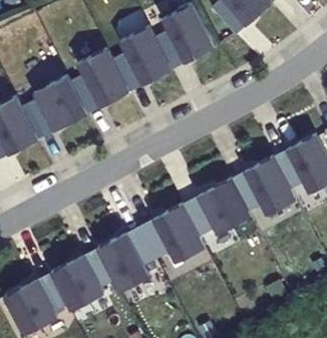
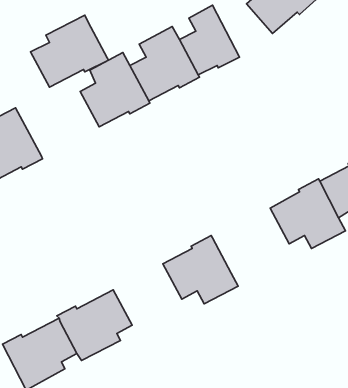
building: [21,75,87,136] -> [31,15,108,87]
building: [183,178,251,236] -> none
building: [97,228,156,291] -> none

